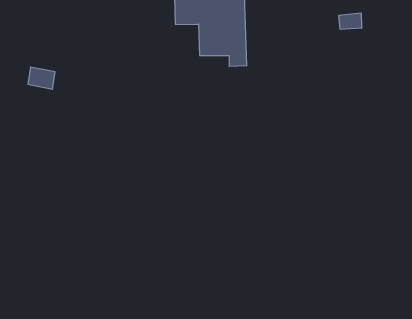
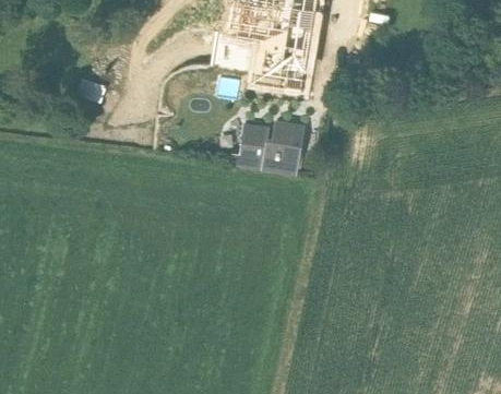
building: none -> [241,121,302,176]

